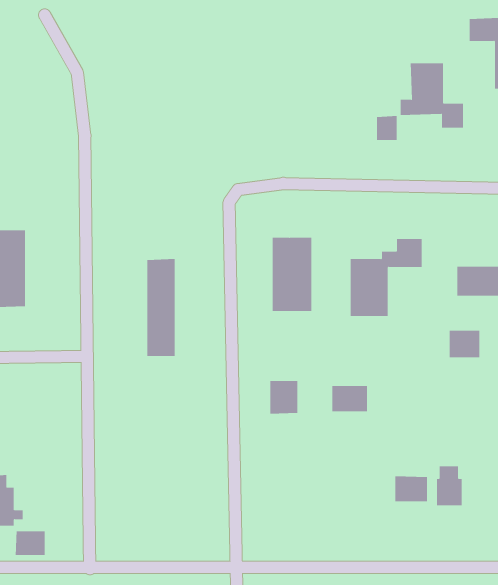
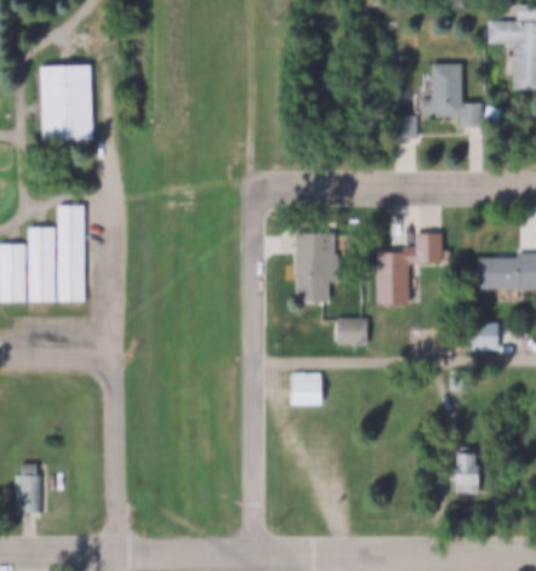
building: none -> [41,64,93,139]
building: [147,258,175,356] -> [58,205,86,299]
building: [331,386,368,412] -> [333,318,369,343]
building: [395,475,428,502] -> none
building: [15,531,45,556] -> none

